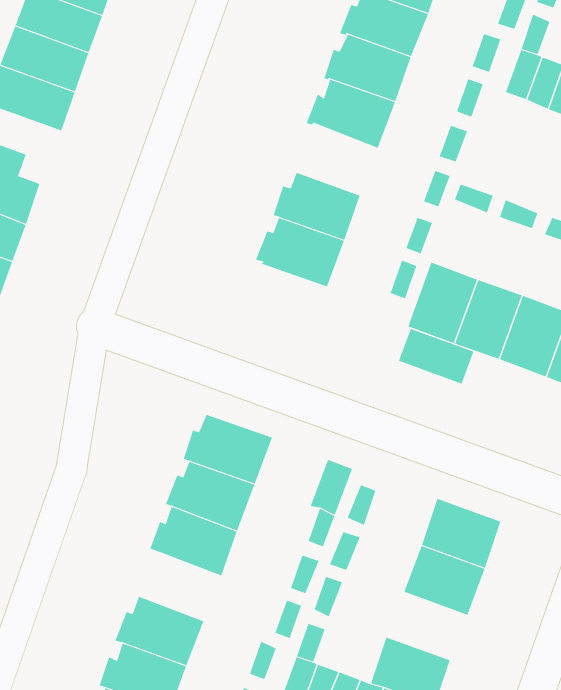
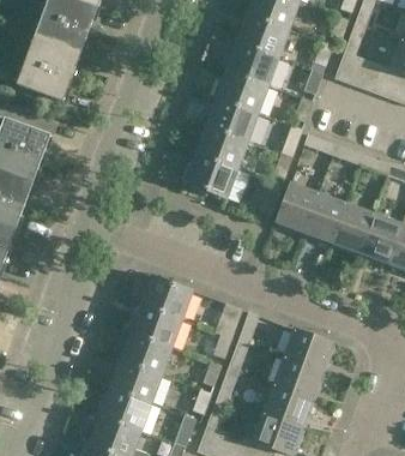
building: none -> [202,97,256,142]
building: [398,328,474,384] -> none
building: none -> [105,360,161,403]
building: none -> [261,385,312,427]

